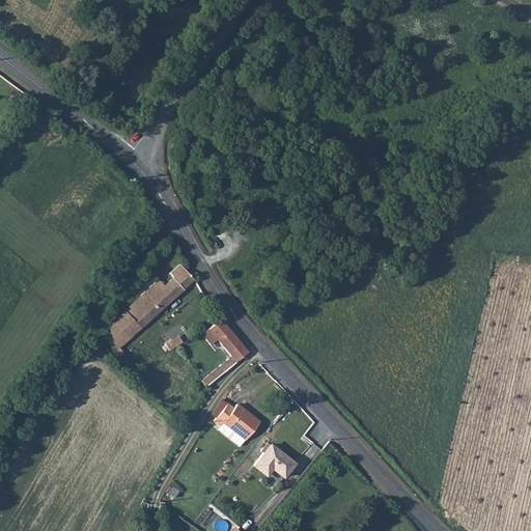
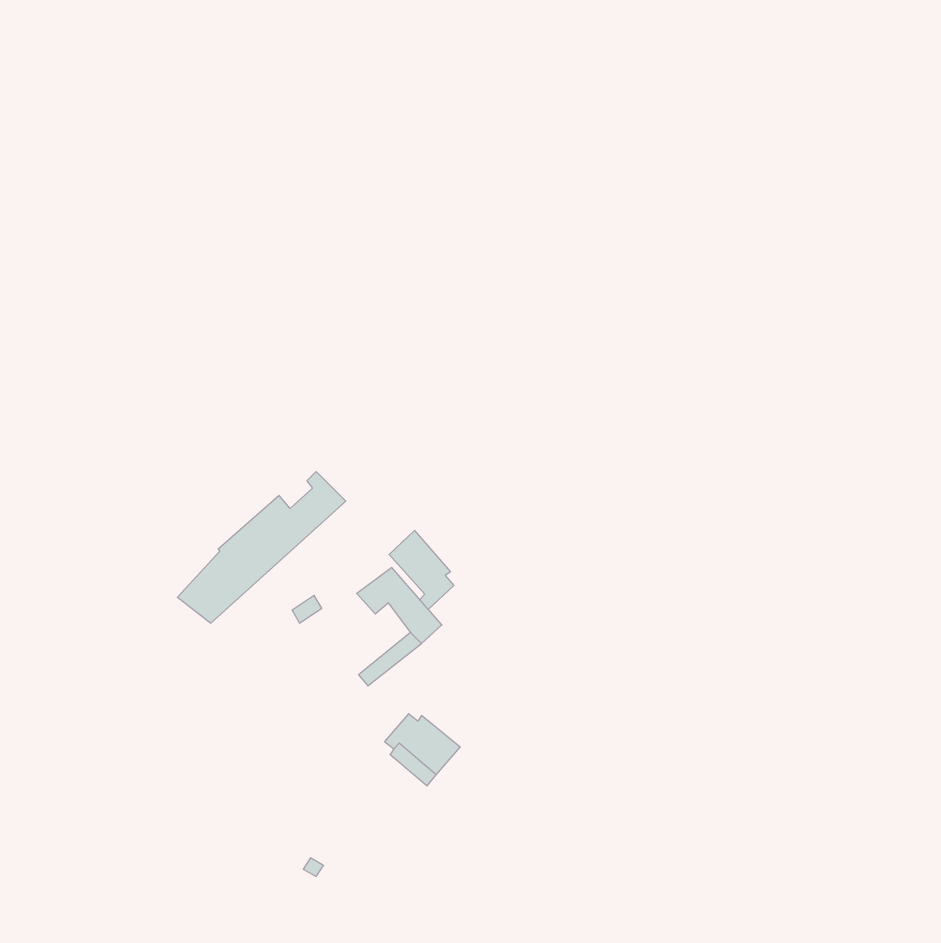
building: none -> [389,531,454,609]
building: [256,444,296,481] -> none

